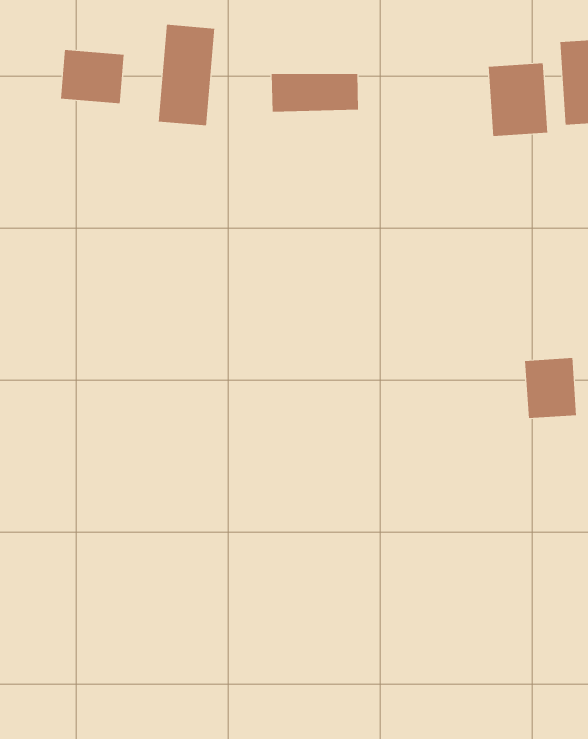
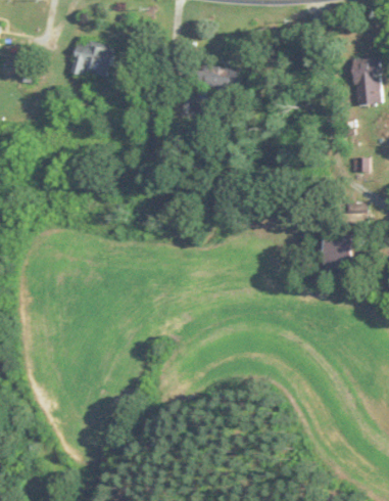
building: [158,24,215,126] -> none
building: [488,63,548,137] -> none

